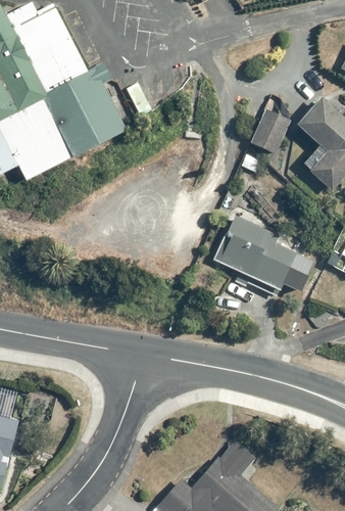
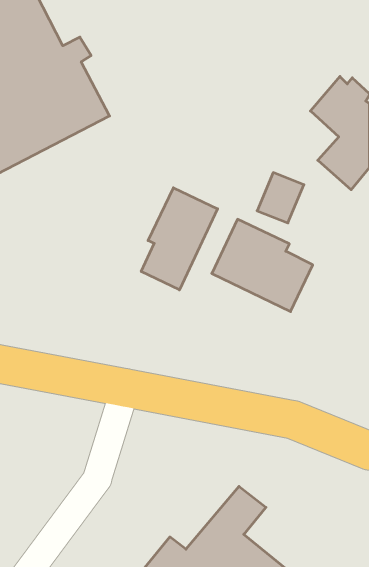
building: [248,111,287,153] -> [257,173,304,223]
building: none -> [141,188,218,290]

